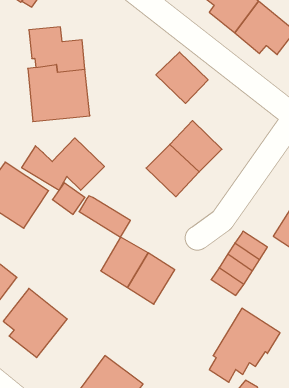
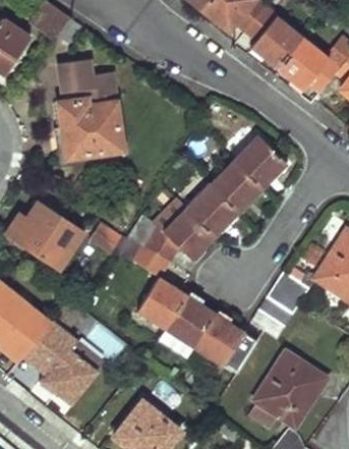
building: [156,52,208,103] -> [232,134,286,187]
building: [22,138,104,190] -> [129,207,215,261]
building: none -> [192,312,244,366]

